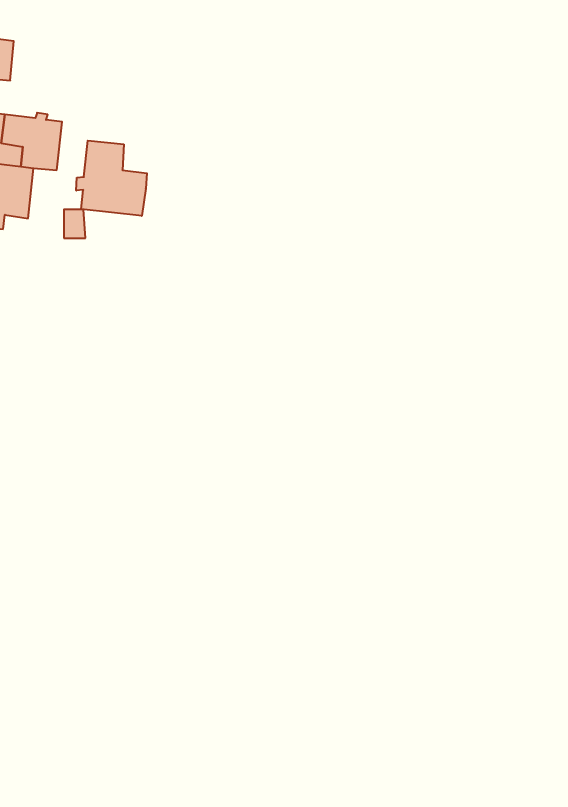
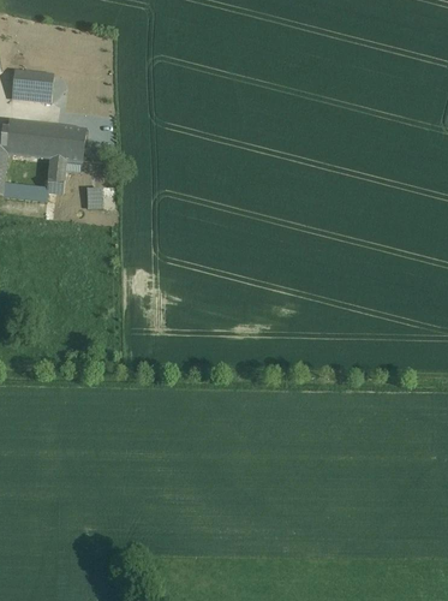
building: [76,141,147,216] -> none

